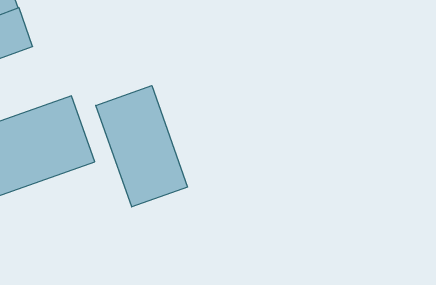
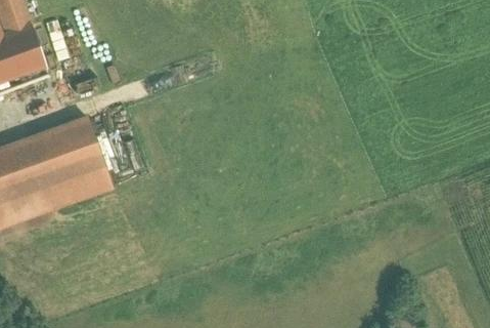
building: [96,86,188,207] -> none

